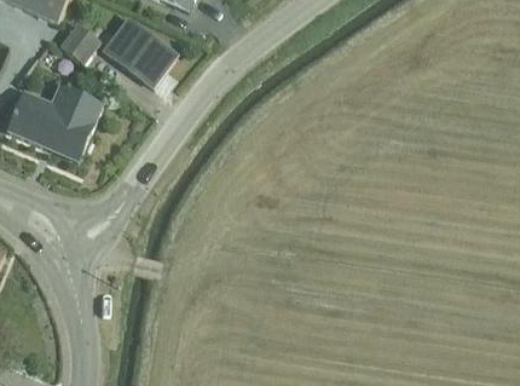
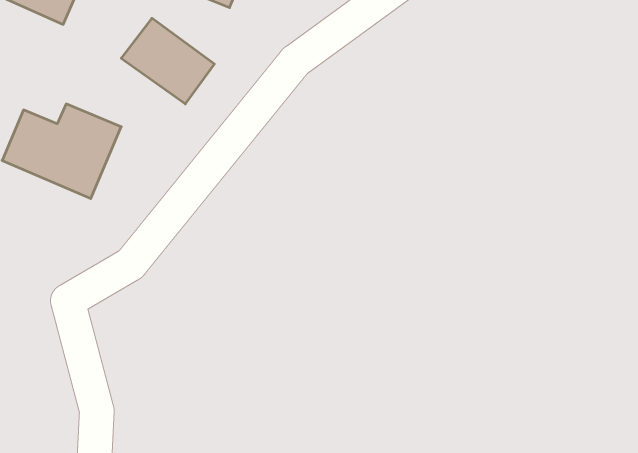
building: [59,23,99,63] -> none

